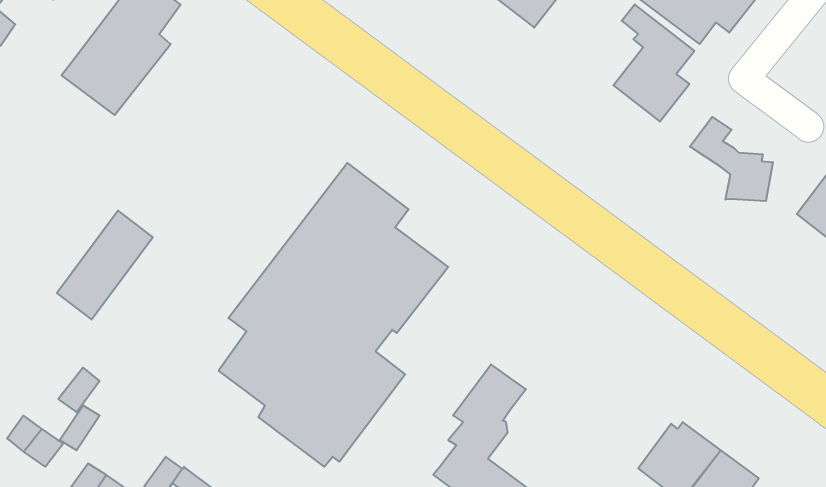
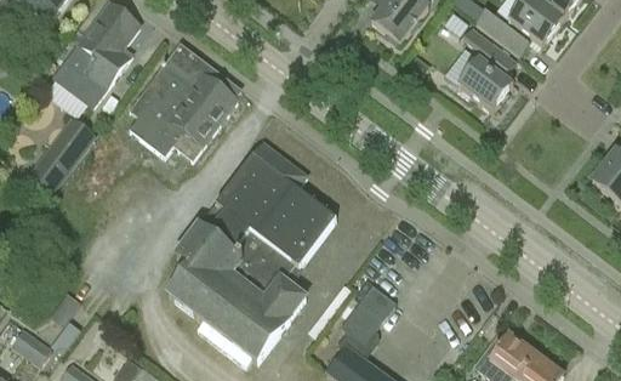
building: none -> [129,51,239,160]
building: [690,117,773,201] -> none
building: [57,211,153,320] -> [27,116,97,197]

